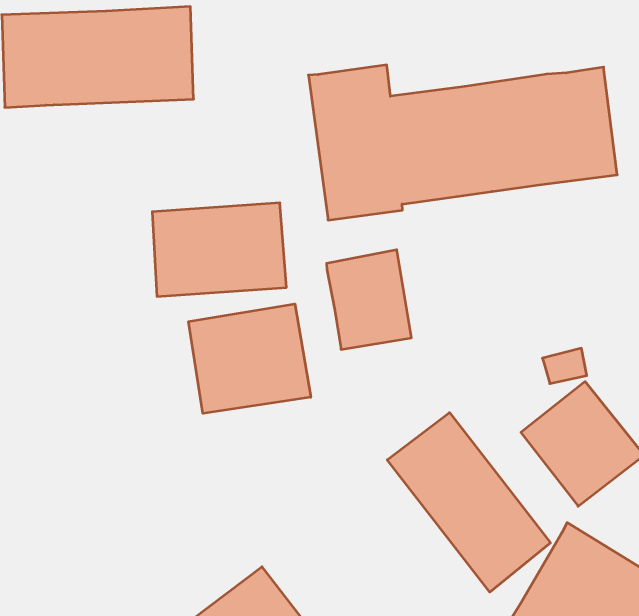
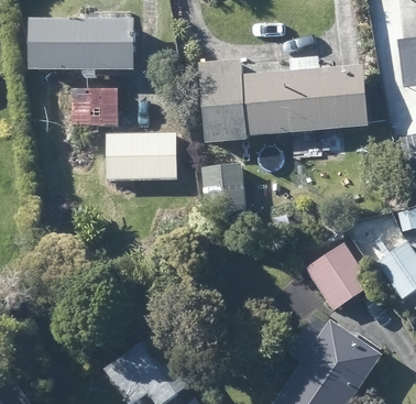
building: none -> [70,87,120,125]
building: [189,304,311,413] -> none
building: [387,413,550,592] -> none

